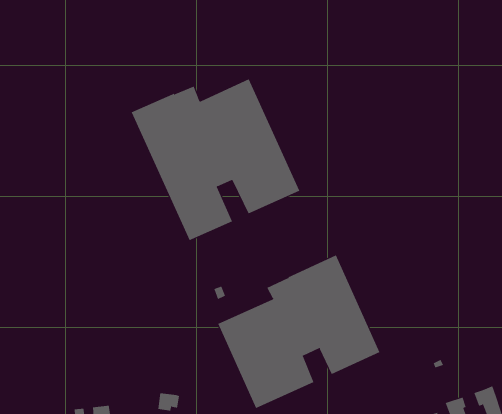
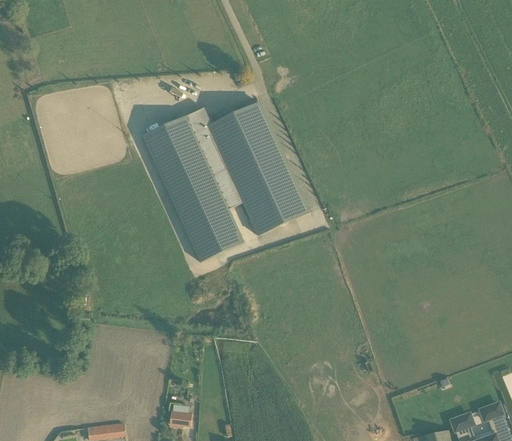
building: [218,255,380,409] -> none

